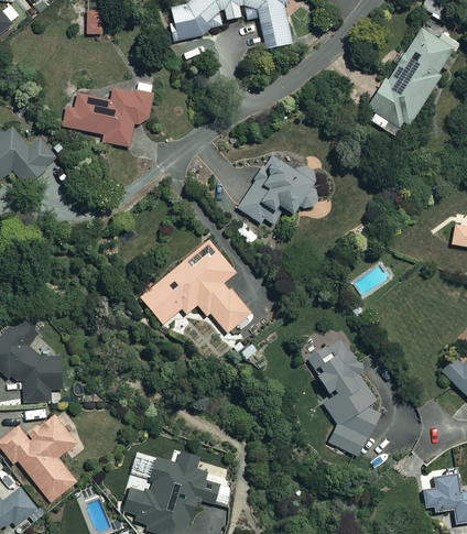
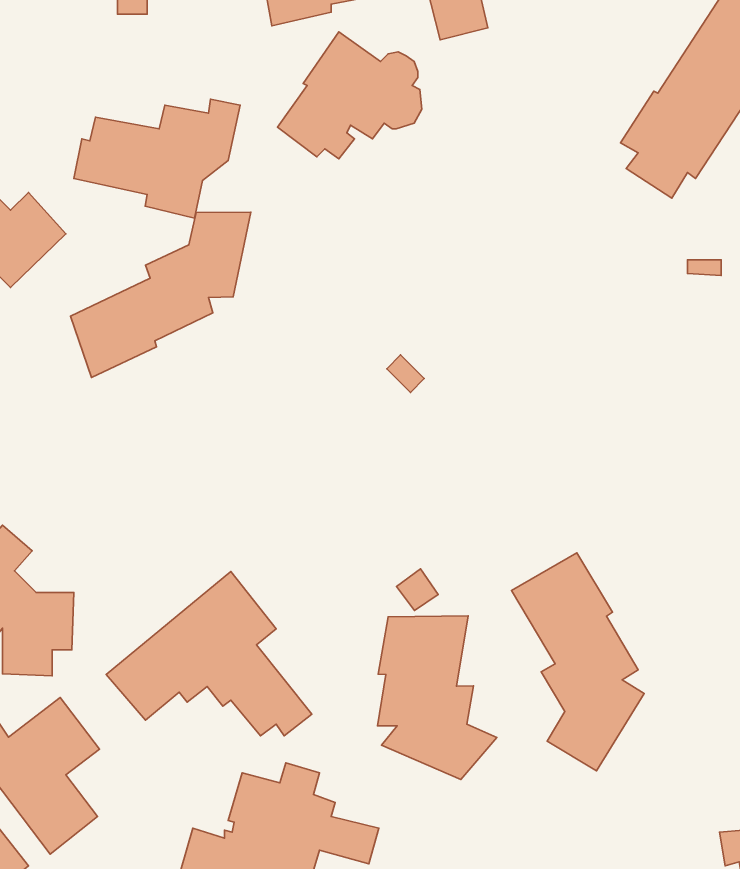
building: none -> [70,212,251,377]
building: [238,153,318,224] -> [277,32,422,159]
building: [141,240,256,331] -> [106,571,312,736]
building: none -> [377,616,497,780]

